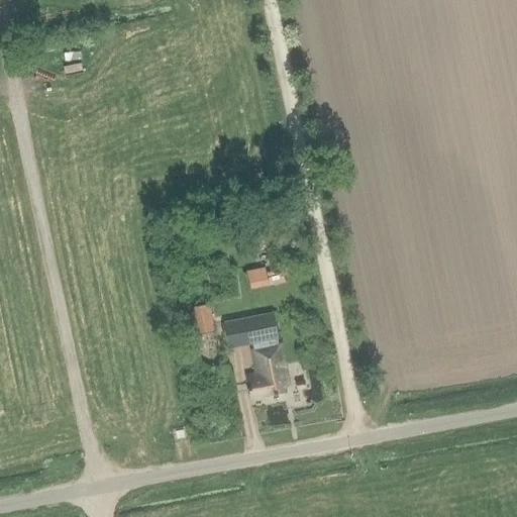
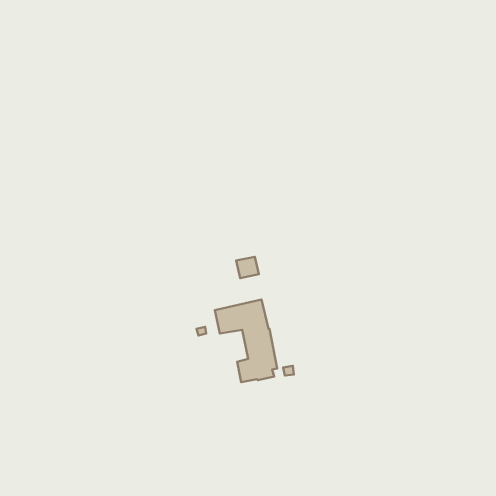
building: [191,304,214,334] -> none

